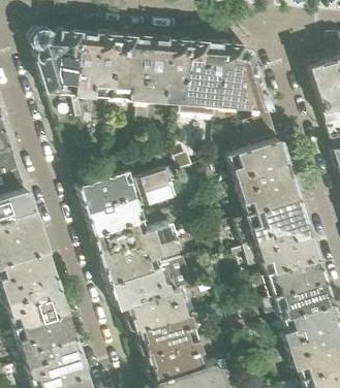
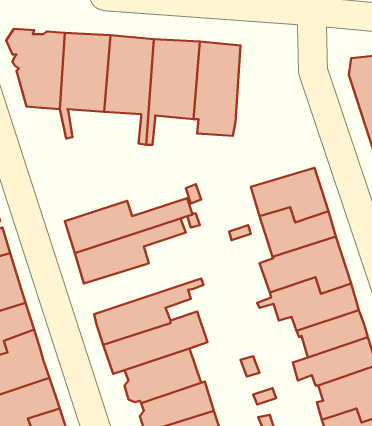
building: [218,43,282,158] -> none
building: [95,221,196,261] -> none

